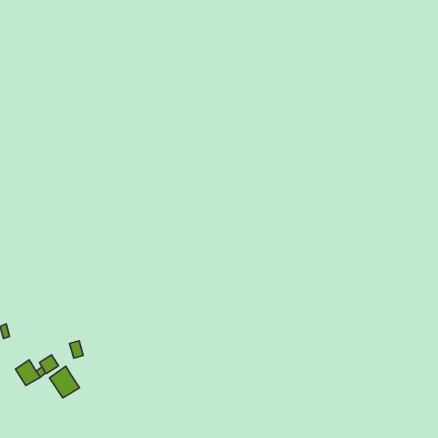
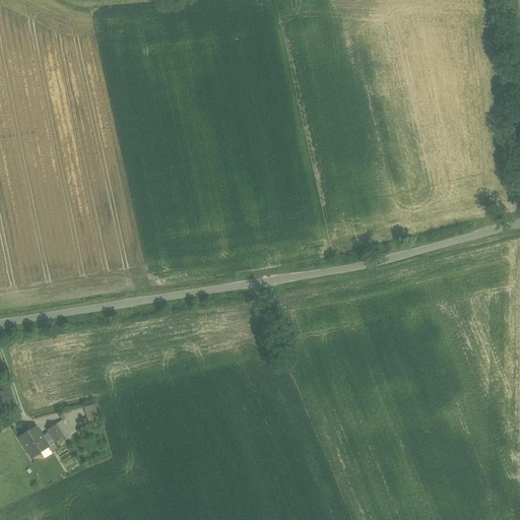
building: [50,366,80,398] -> none

